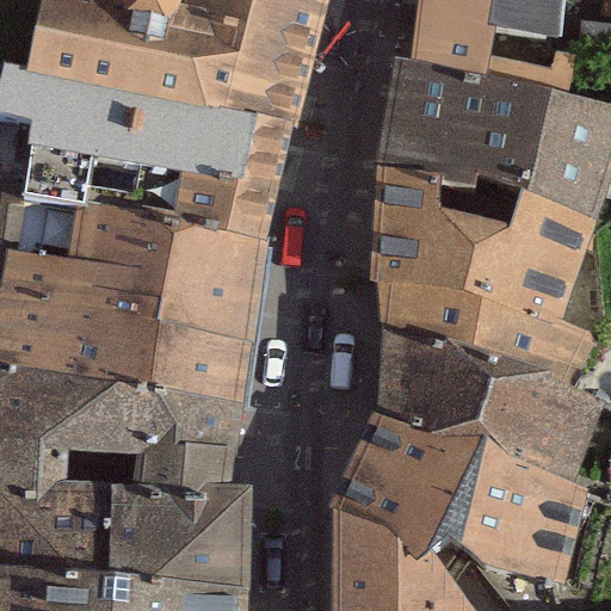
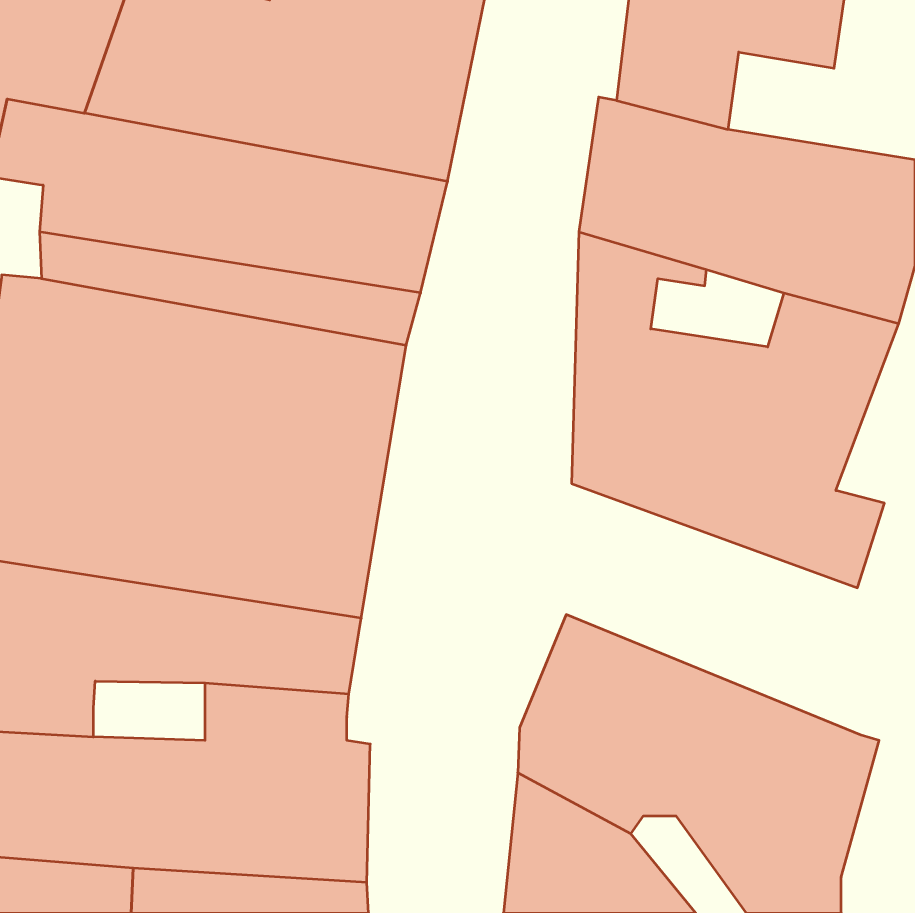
building: [376,321,598,488] -> none

